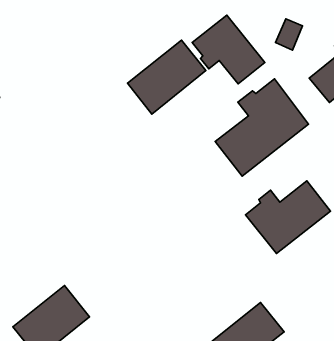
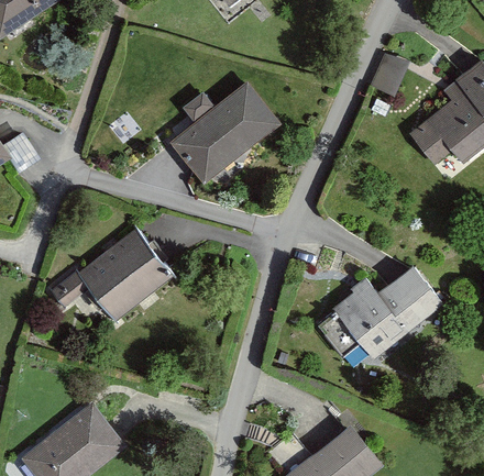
building: [192,15,265,84] -> none
building: [215,79,309,176] -> none
building: none -> [54,229,170,319]

